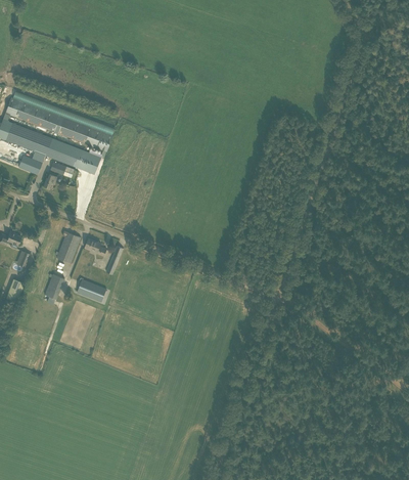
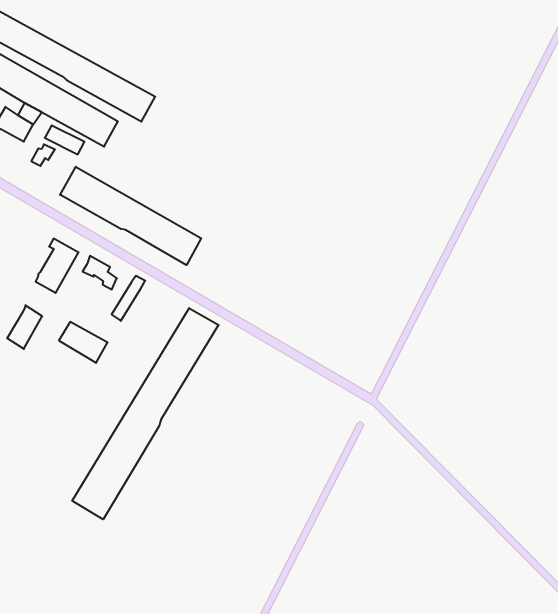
building: none -> [60,167,201,265]
building: none -> [72,308,219,519]

